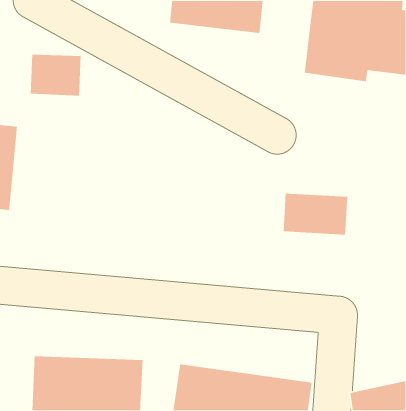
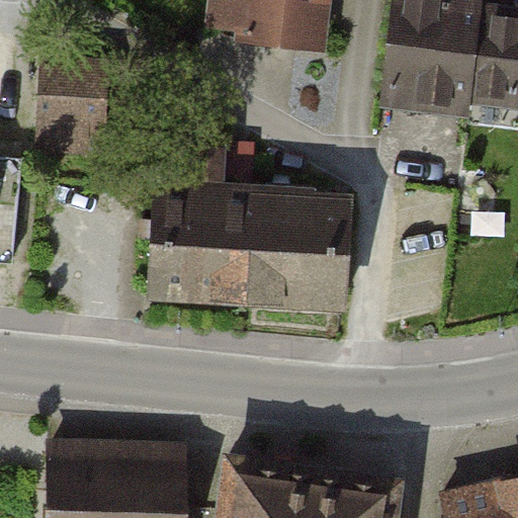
building: none -> [150,194,355,305]
building: [283,193,348,236] -> none

